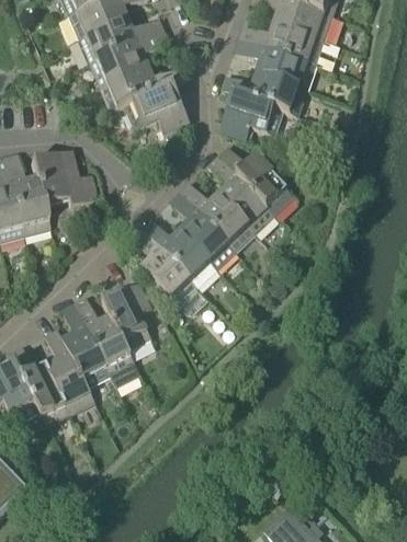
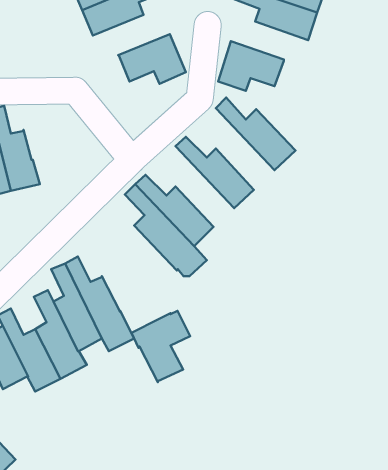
building: [101,66,185,111] -> none
building: [222,72,306,115] -> none
building: [31,150,98,205] -> none
building: [208,154,274,232] -> none
building: [170,191,236,267] -> none
building: [102,280,158,348] -> [132,311,190,382]

